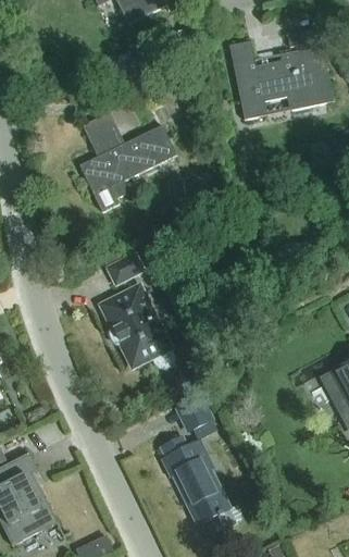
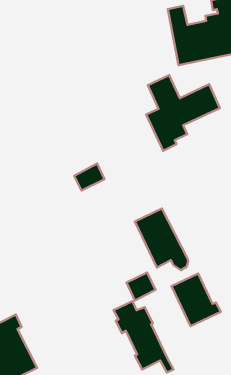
building: [78,111,176,211] -> [146,75,220,151]
building: [102,288,173,370] -> [135,209,188,270]
building: none -> [171,273,221,326]

